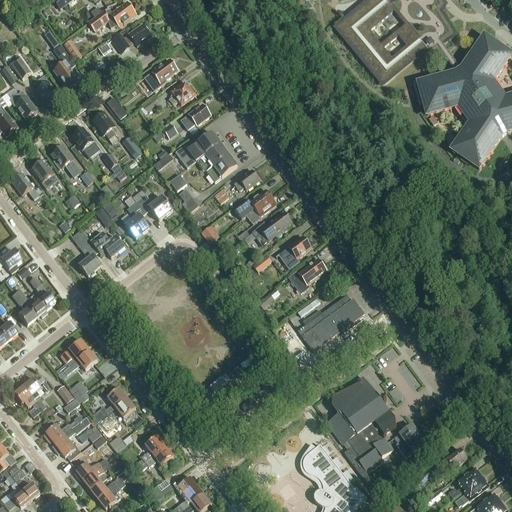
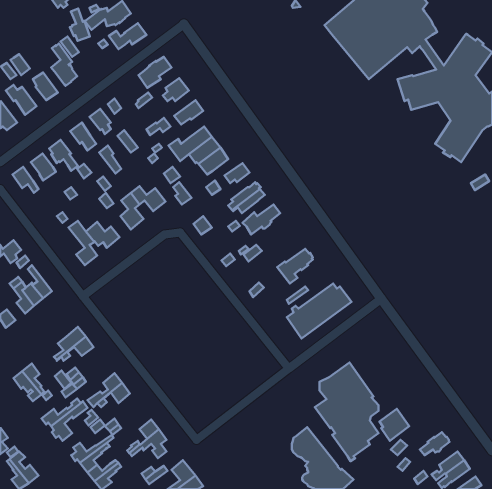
building: none -> [70,9,90,41]
building: [278,236,310,268] -> none

